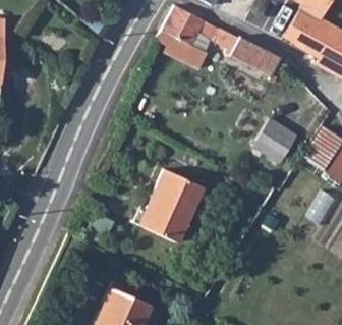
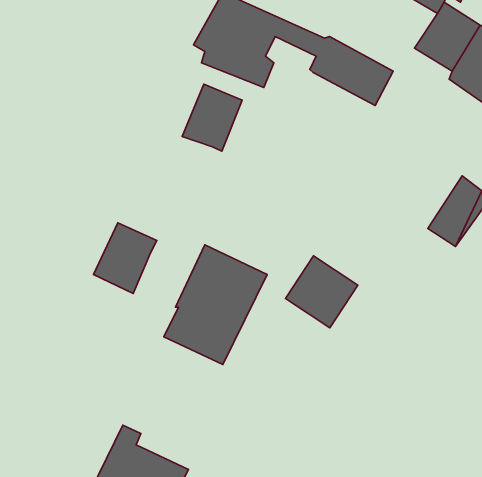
building: none -> [182,84,242,151]
building: [251,117,296,162] -> [286,256,358,328]
building: none -> [93,223,157,293]

